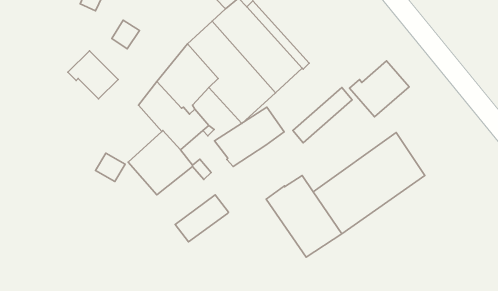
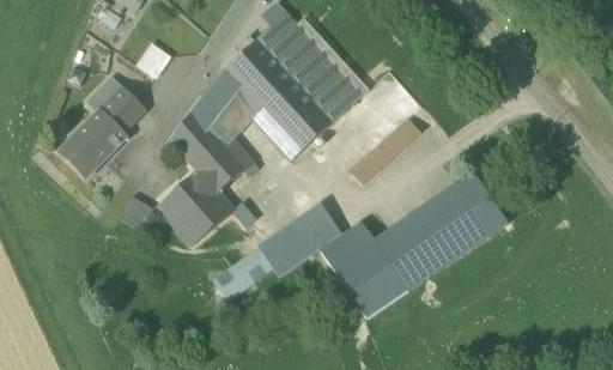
building: [350,61,409,117] -> none
building: none -> [57,108,127,177]
building: [215,107,284,166] -> [260,205,341,274]

